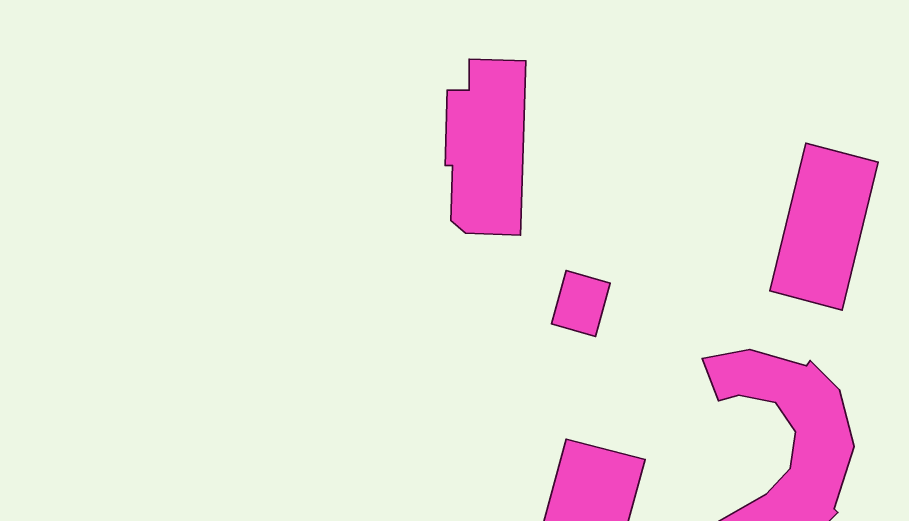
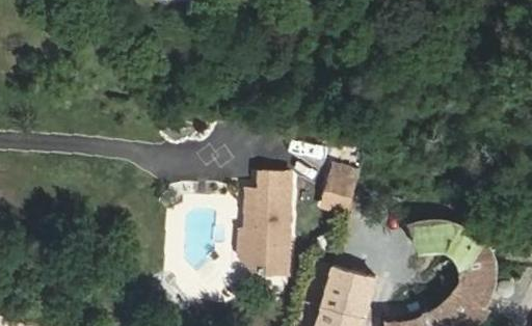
building: [445,59,526,235] -> [244,173,290,273]
building: [770,143,878,310] -> none

